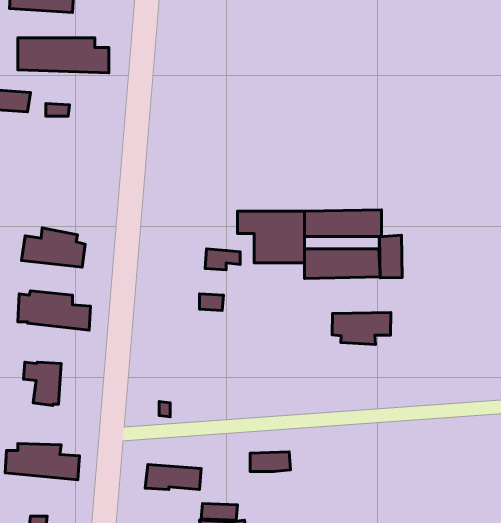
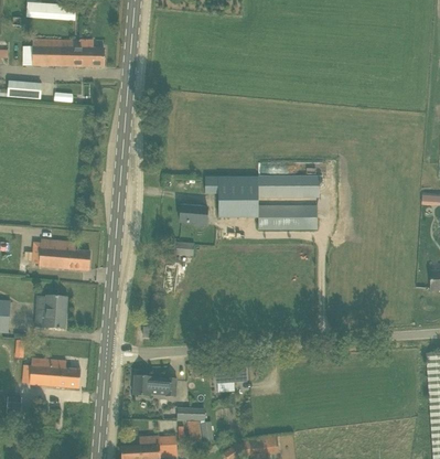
building: [22,228,85,267] -> none
building: [379,235,402,278] -> none
building: [332,312,391,345] -> none

